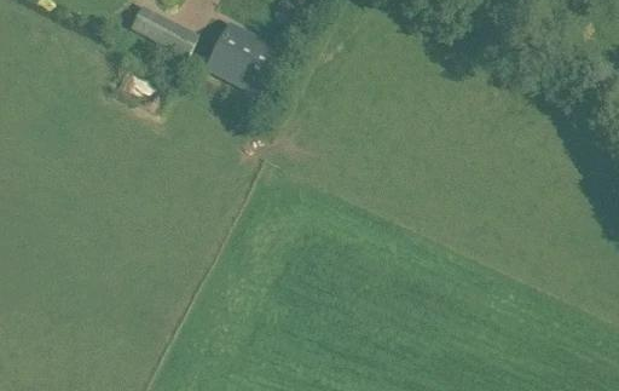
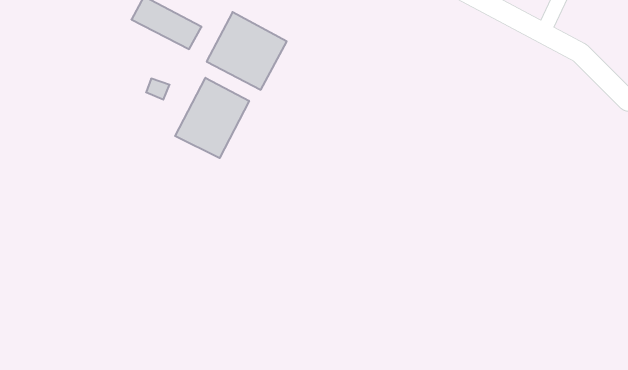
building: none -> [175,78,249,158]

